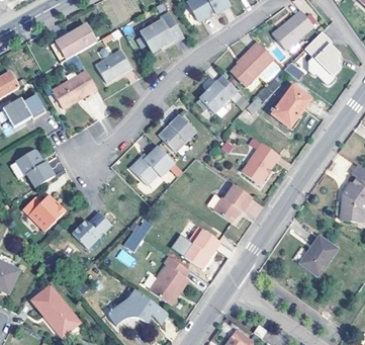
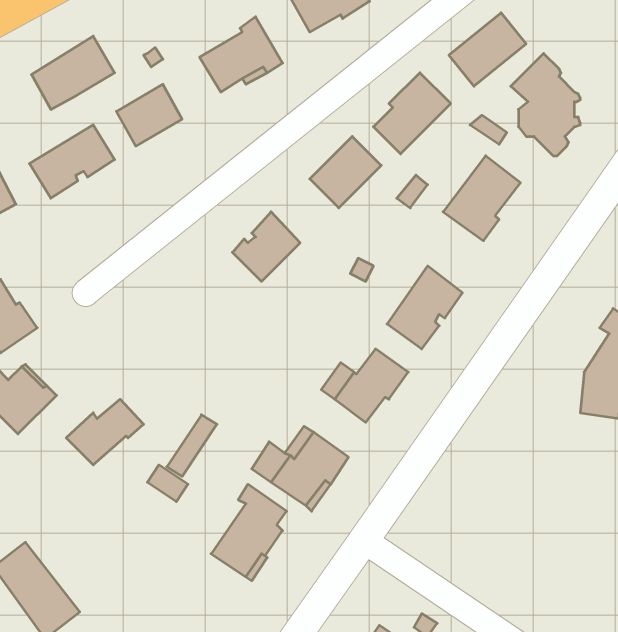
building: [129,146,174,185] -> none
building: [300,237,337,276] -> none
building: [106,290,167,327] -> none

